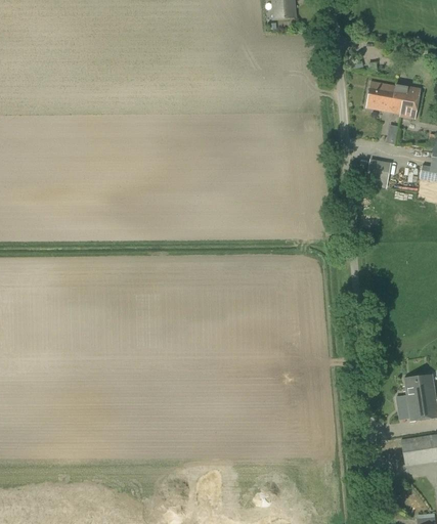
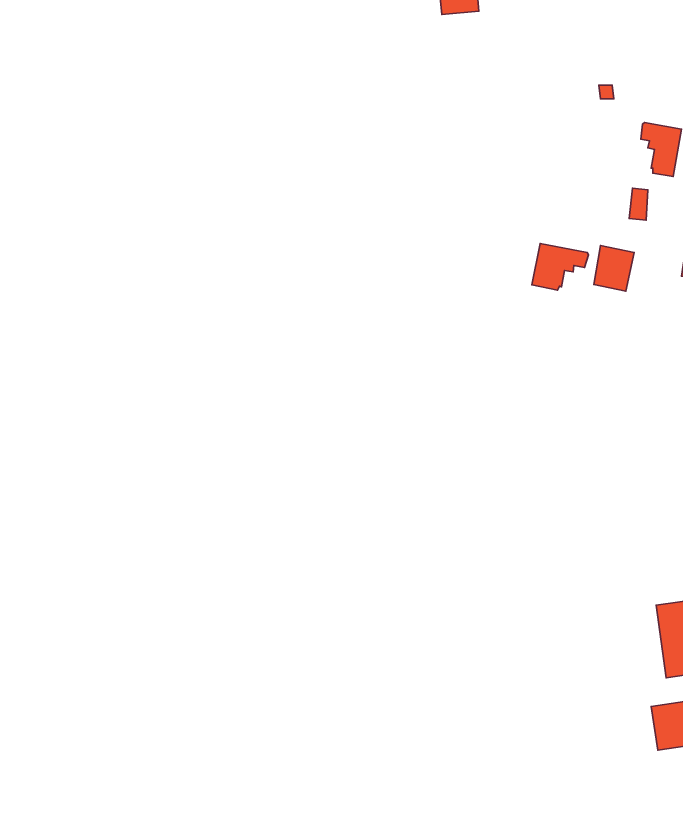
building: [366,82,403,113] -> none
building: none -> [532,243,589,290]

